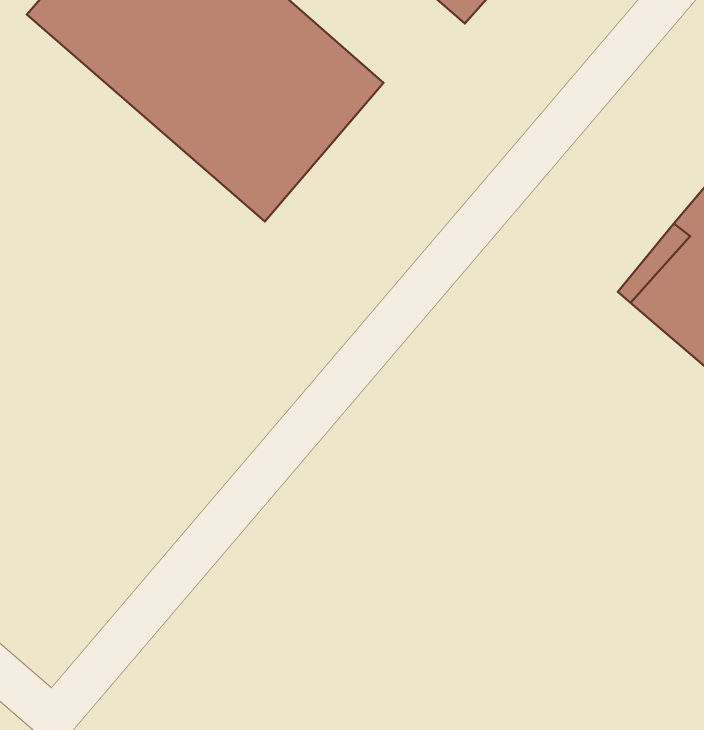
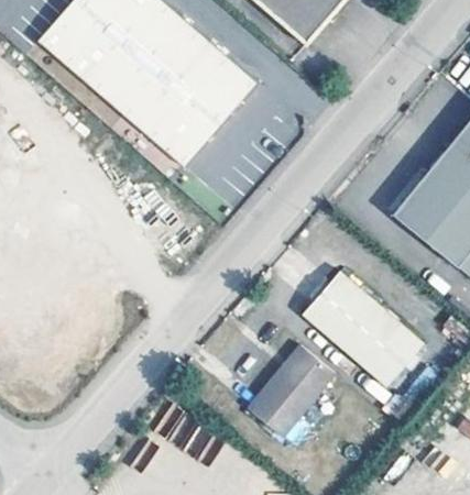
building: none -> [306,272,428,386]
building: none -> [250,344,338,436]

